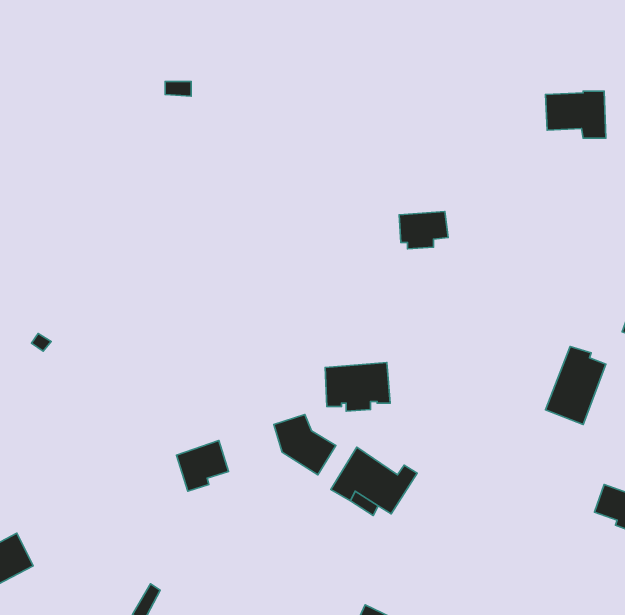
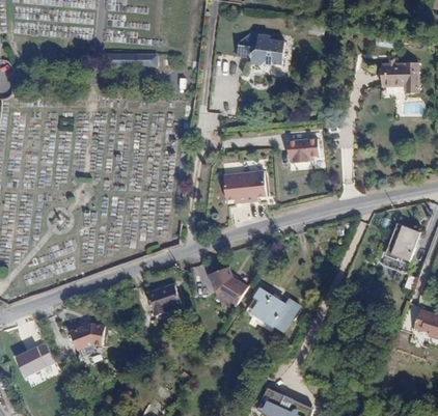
building: none -> [237,30,286,65]
building: [325,363,390,411] -> [224,165,266,196]
building: none -> [70,325,106,351]

